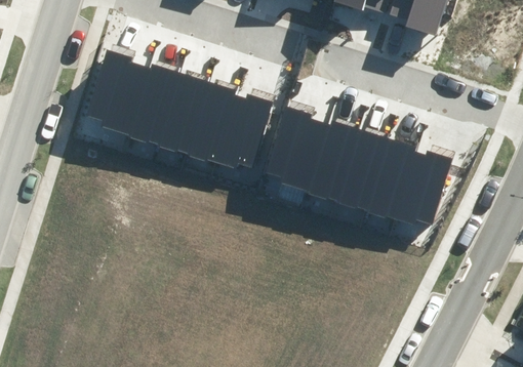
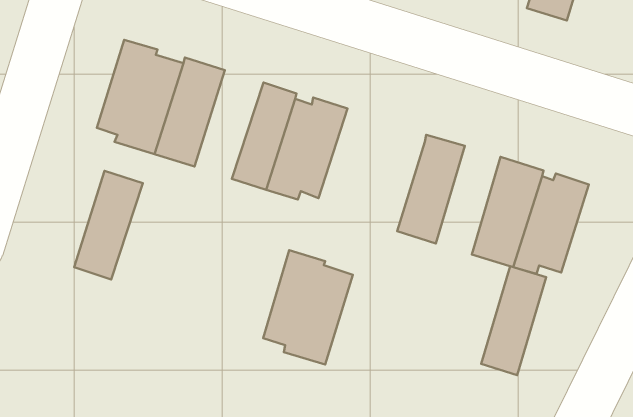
building: [158,74,209,155] -> [74,171,143,280]
building: [263,109,329,194] -> [263,250,353,364]
building: [337,130,386,211] -> [481,266,546,375]

